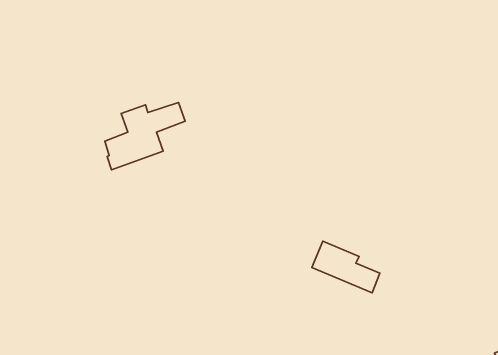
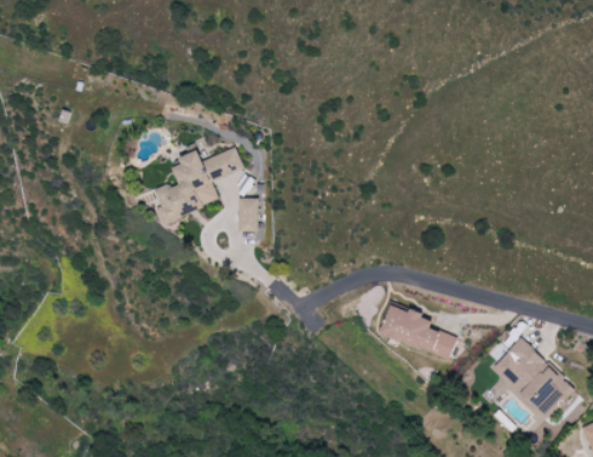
building: none -> [237,199,258,233]
building: none -> [493,337,570,416]

